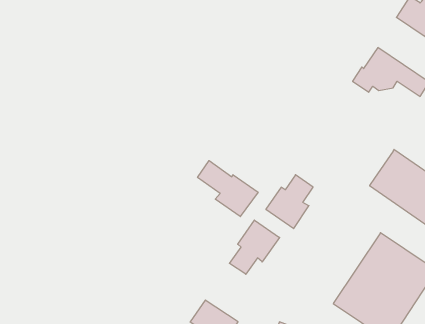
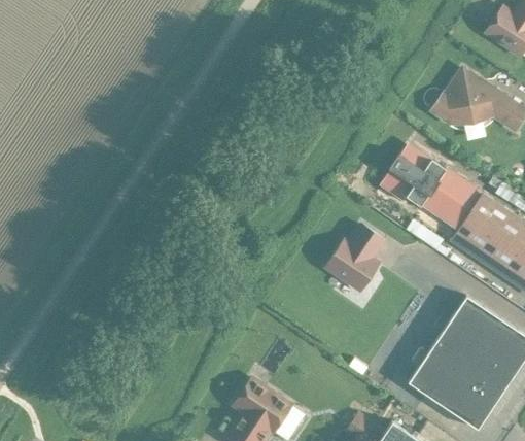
building: none -> [385,146,482,229]
building: [198,161,258,217] -> none
building: [229,220,280,274] -> none

